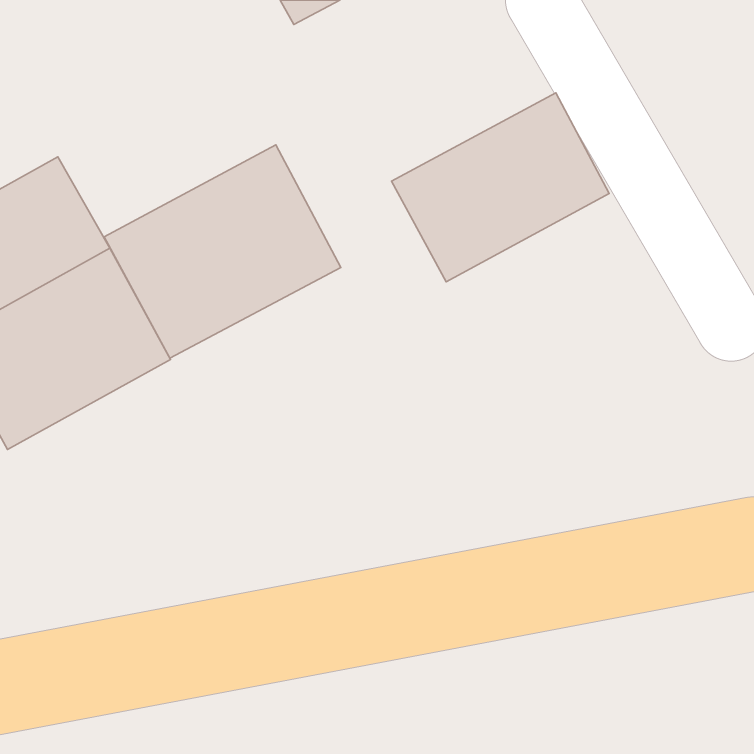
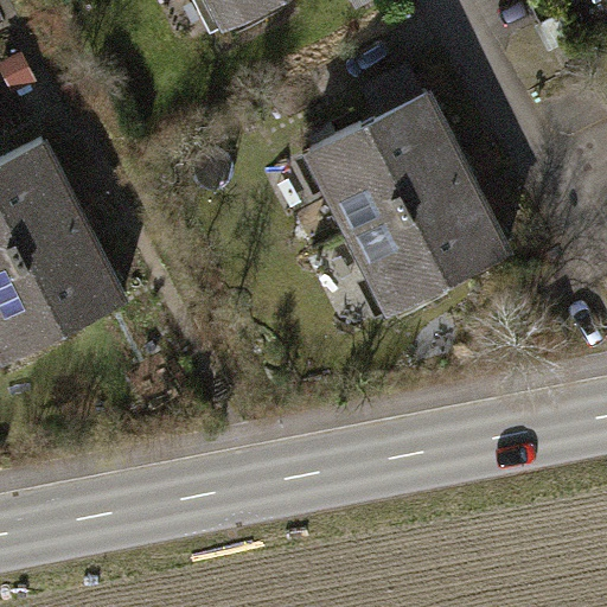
building: [104,145,341,358] -> none
building: none -> [347,170,518,318]

